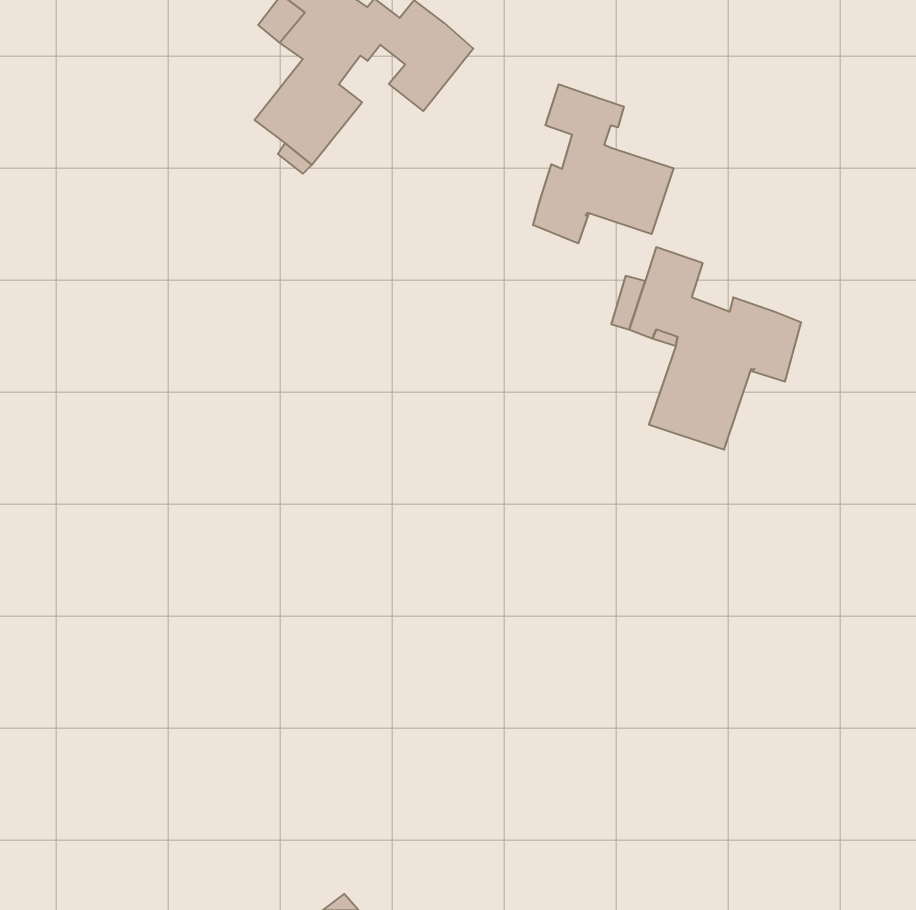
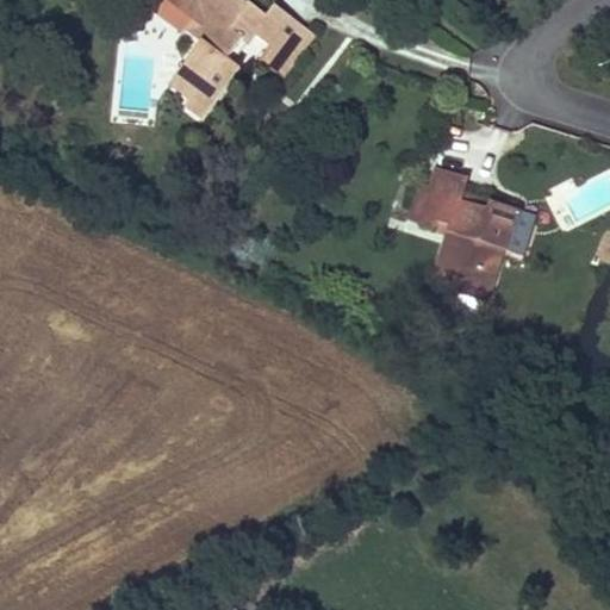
building: [533,84,673,243] -> none

